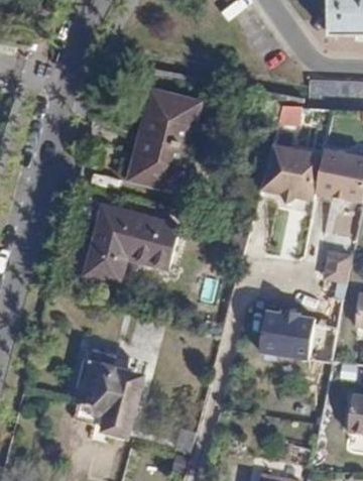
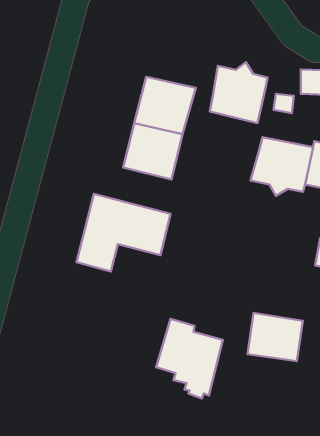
building: none -> [210,62,267,123]
building: [76,362,142,442] -> [156,319,223,398]

